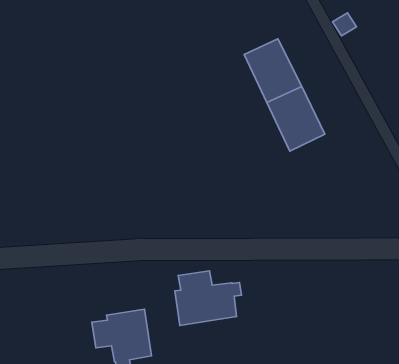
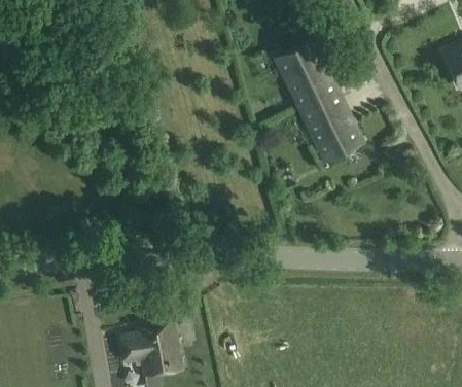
building: [175,271,242,325] -> none

